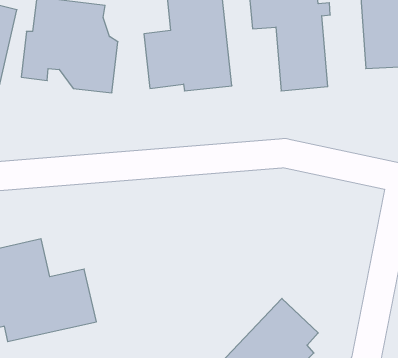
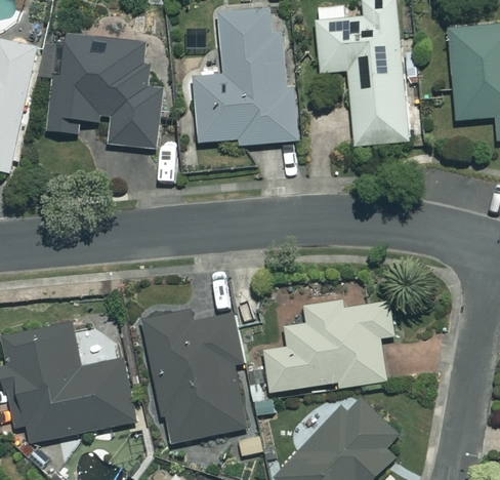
building: none -> [263,302,394,392]
building: none -> [141,308,249,444]

